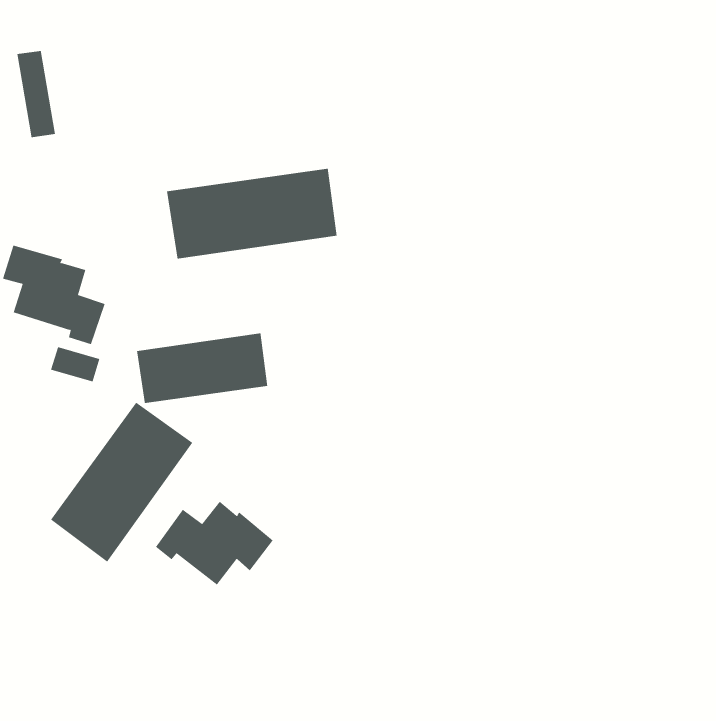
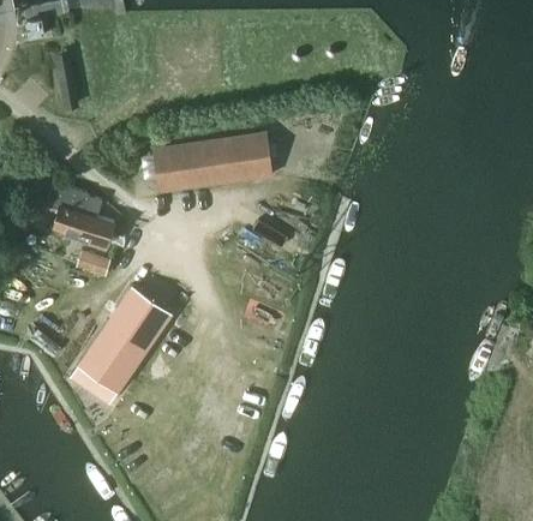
building: [136,333,268,404] -> none
building: [155,501,273,586] -> none

